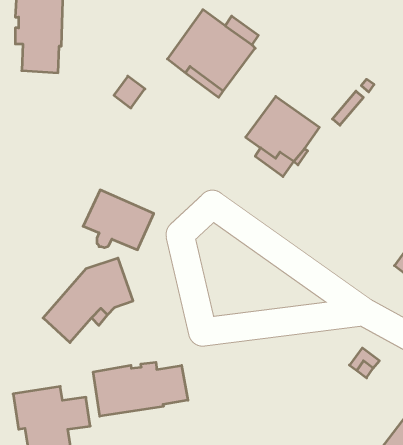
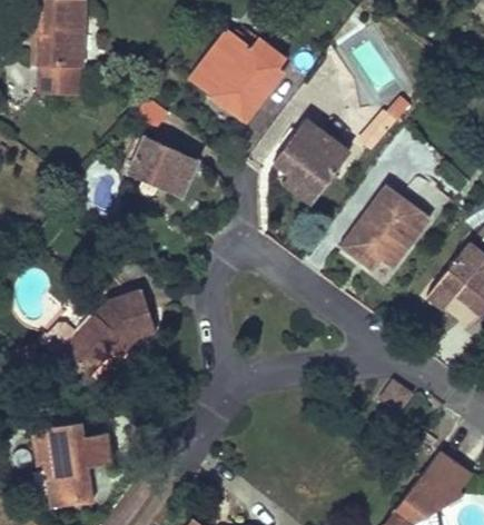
building: none -> [339,185,431,271]
building: [83,190,154,250] -> [126,136,199,198]
building: [93,362,188,416] -> none

